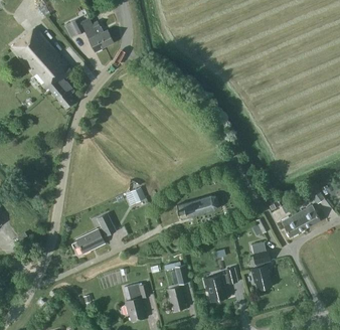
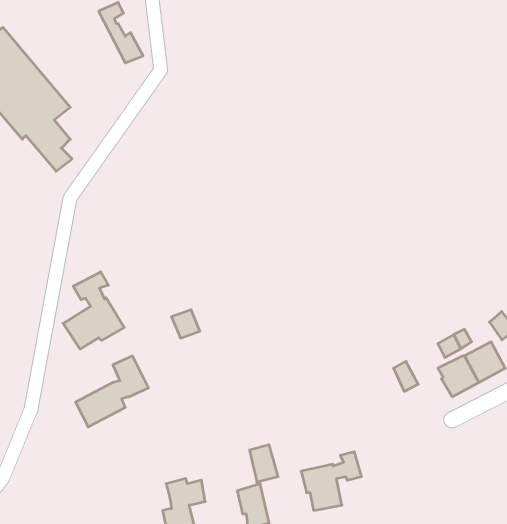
building: [71,17,104,51] -> none
building: none -> [63,272,124,349]
building: [176,194,218,218] -> none
building: [250,240,271,289] -> none

